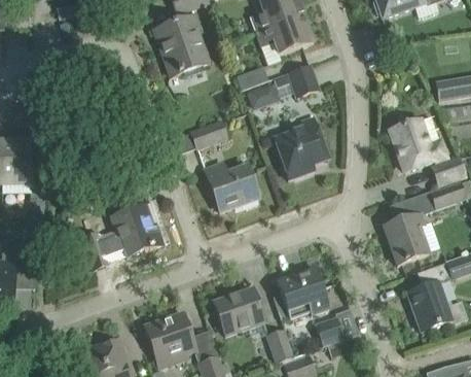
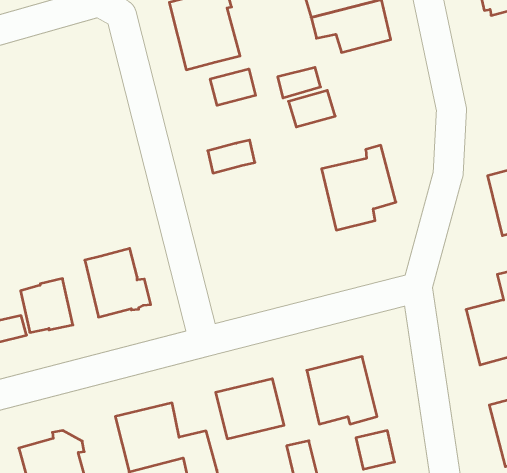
building: [289,65,319,96] -> none
building: none -> [210,69,256,105]
building: [206,162,259,210] -> none

